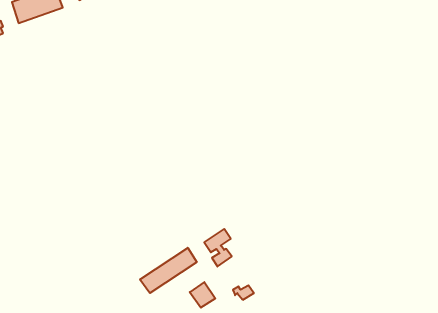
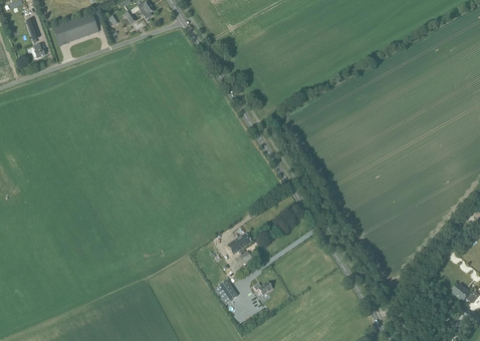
building: [140,248,197,293] -> none

